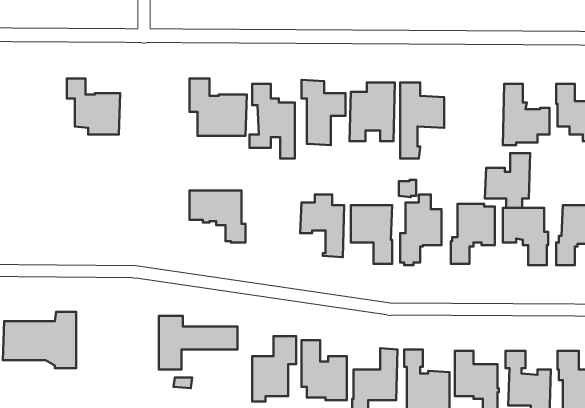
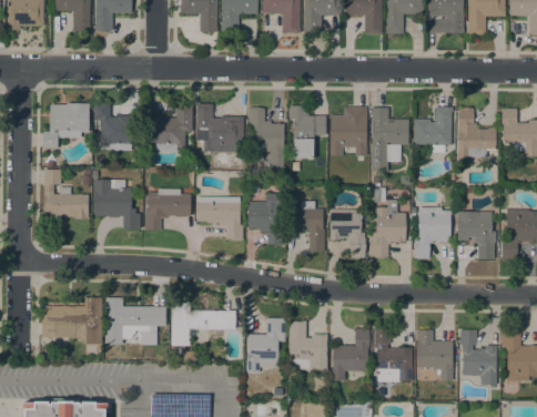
building: none -> [43,103,89,148]
building: none -> [145,103,193,151]
building: [485,153,530,208] -> [414,106,452,152]
building: none -> [43,169,89,218]
building: none -> [94,180,140,228]
building: none -> [144,189,191,230]
building: none -> [247,193,284,245]
building: none -> [105,297,166,345]

